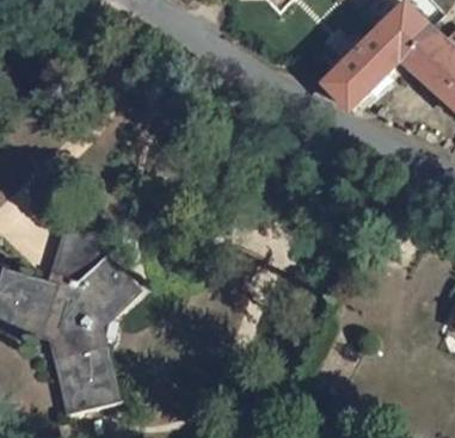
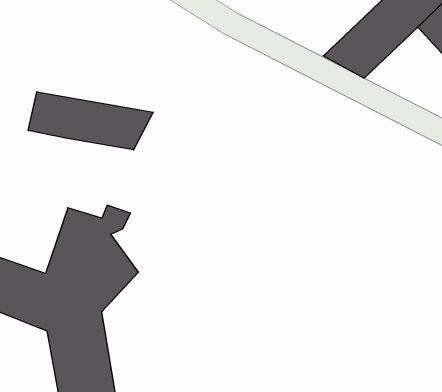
building: none -> [28,92,153,150]

